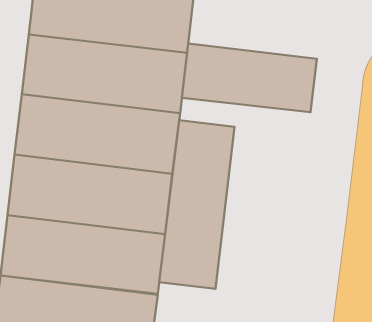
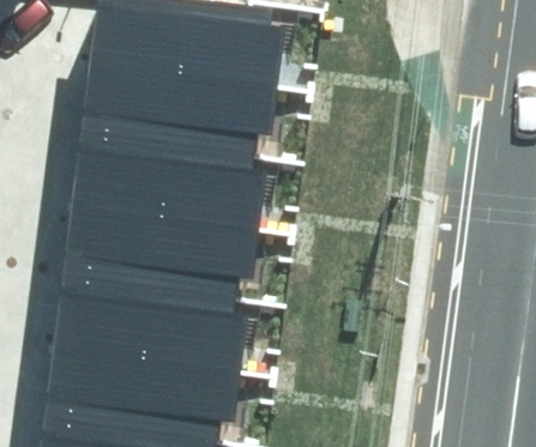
building: [182,44,317,112] -> none
building: [159,120,234,289] -> none

